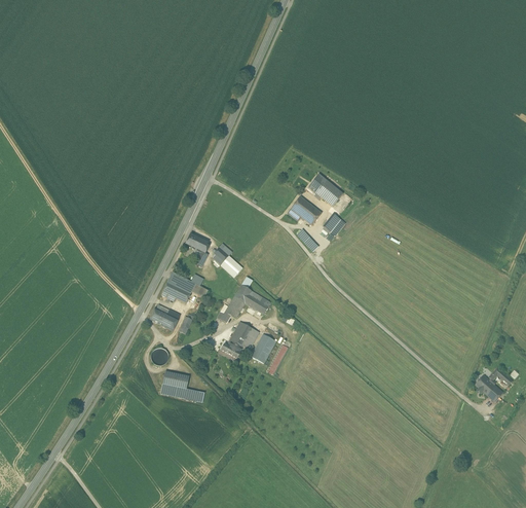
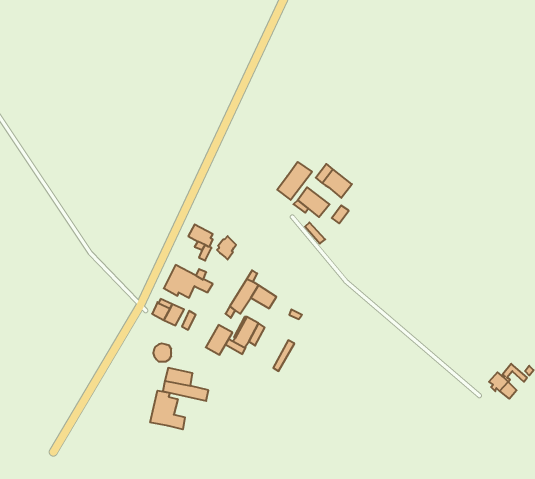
building: none -> [277,162,312,200]
building: [250,333,275,362] -> [206,325,232,355]
building: none -> [150,391,185,429]

